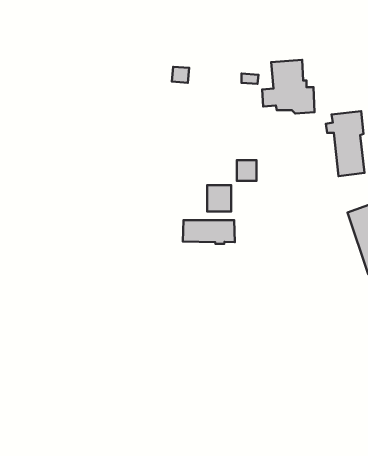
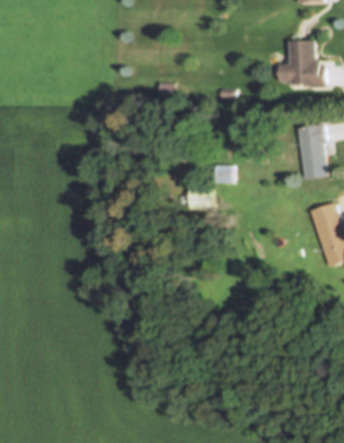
building: [262,60,315,113] -> [278,39,324,86]
building: [183,220,235,244] -> none

